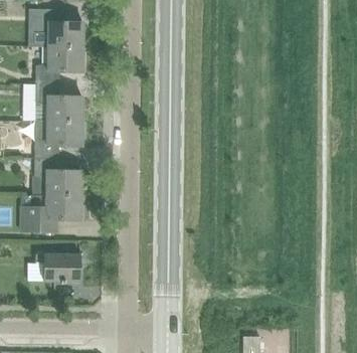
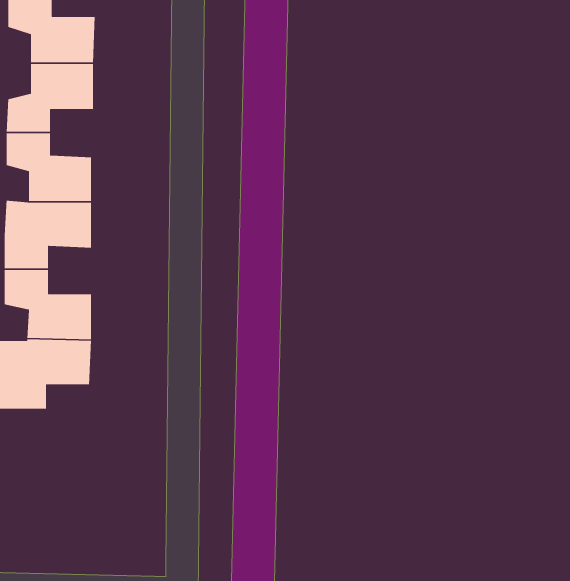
building: [36,253,81,284] -> none

